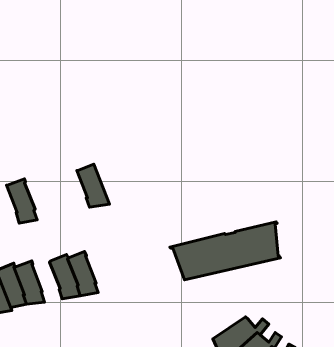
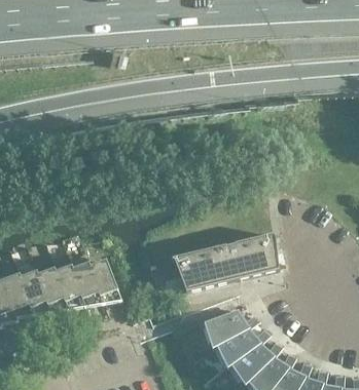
building: [77,164,109,207] -> [88,259,120,301]
building: [7,179,37,223] -> [36,267,66,310]
building: none -> [194,307,257,347]

